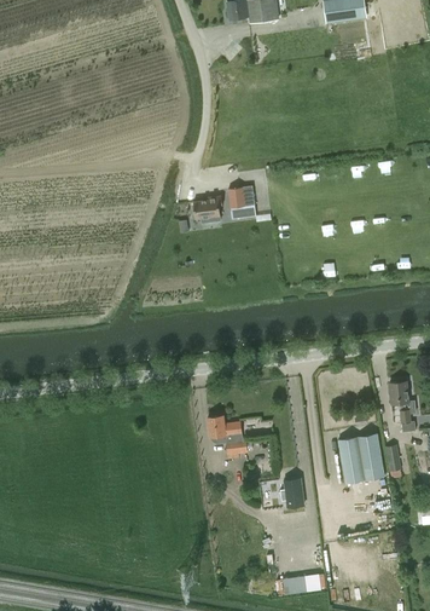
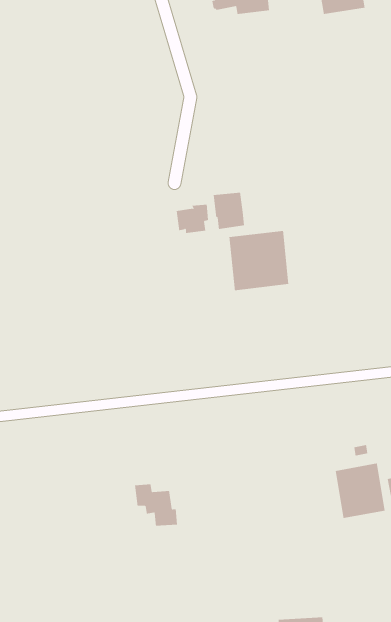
building: none -> [229,230,289,291]
building: [207,415,246,454] -> [134,484,178,526]
building: [281,477,304,508] -> none

